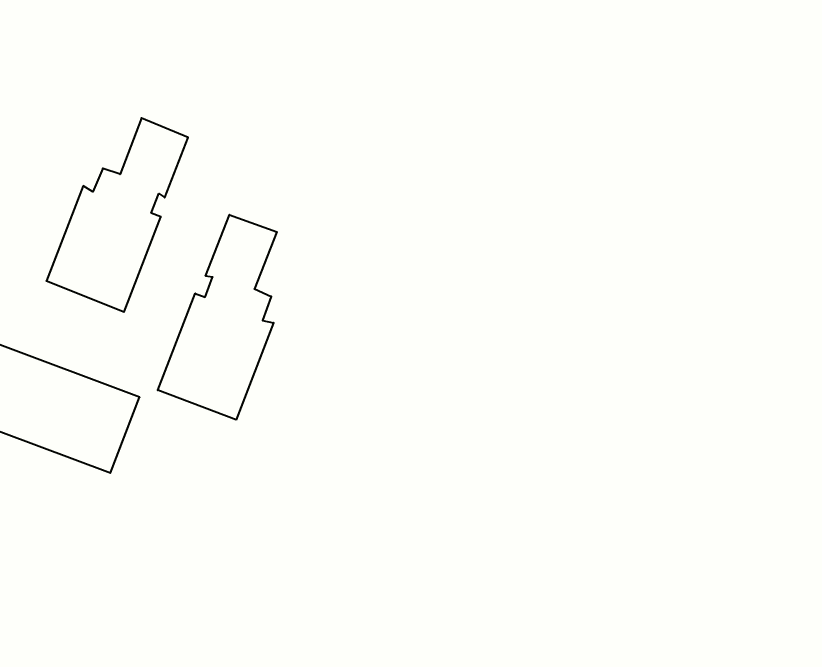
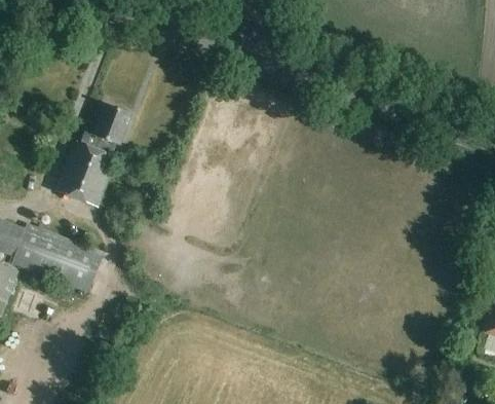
building: [158,215,277,420] -> none

